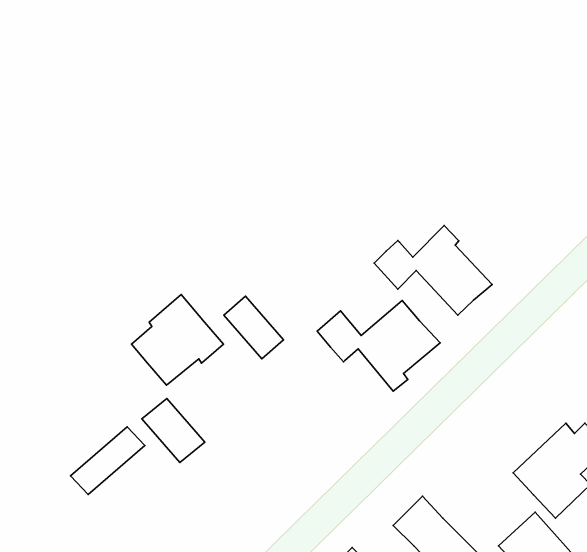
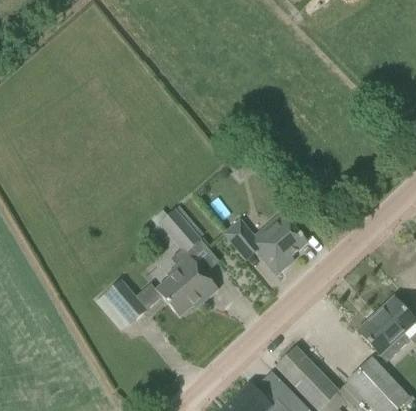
building: [374,226,492,315] -> none
building: [131,294,224,385] -> [155,255,218,317]
building: [71,427,145,494] -> none

